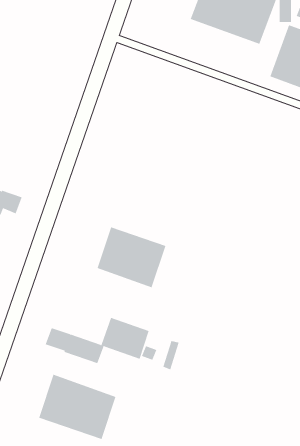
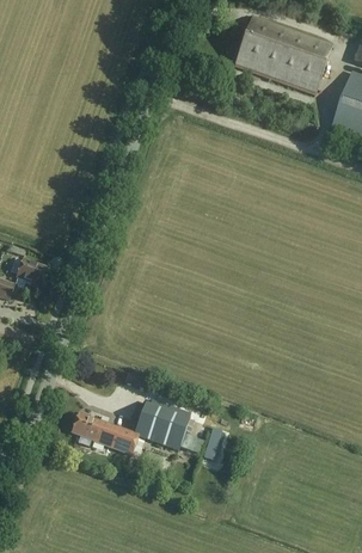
building: [97,227,166,288] -> none
building: [38,374,116,440] -> none

